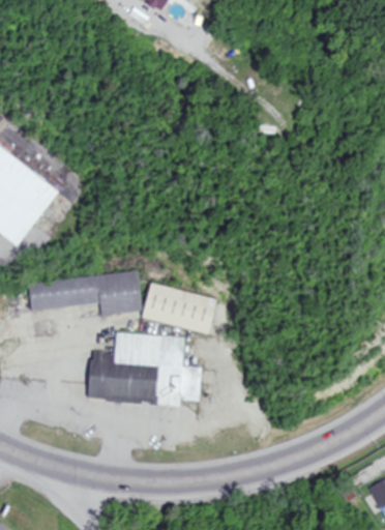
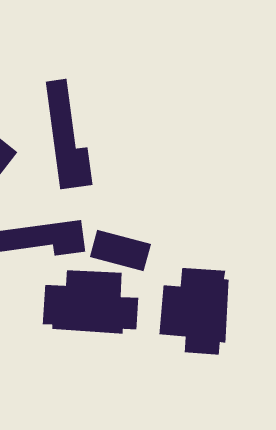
building: none -> [45,78,93,190]
building: none -> [158,267,230,355]

